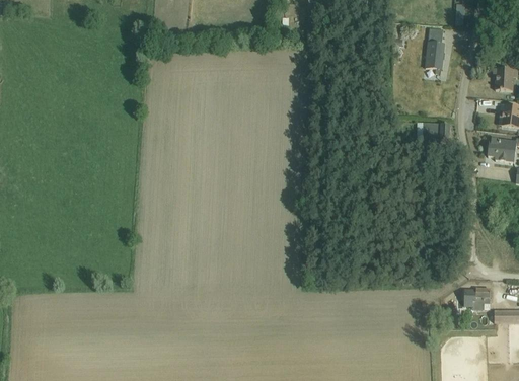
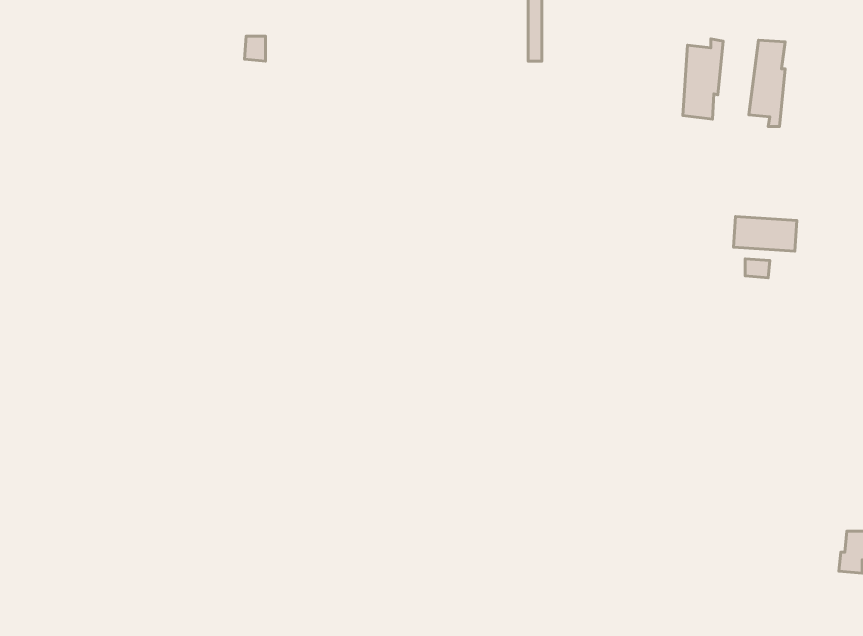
building: none -> [683,39,723,119]

